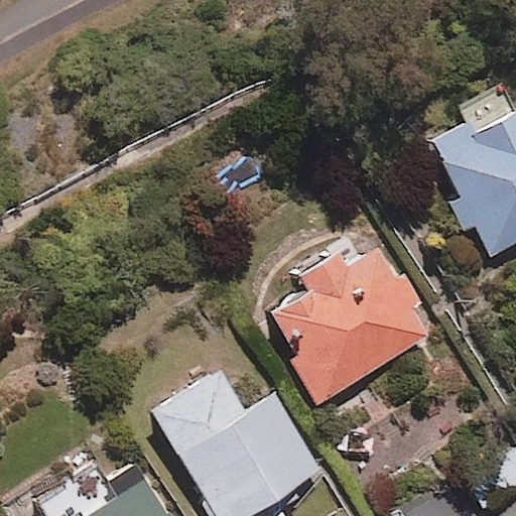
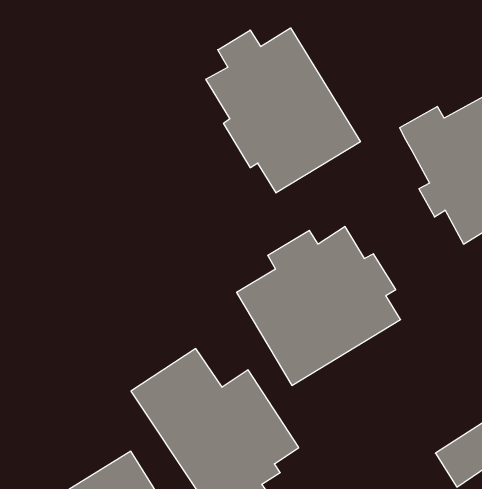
building: none -> [206,28,360,193]

